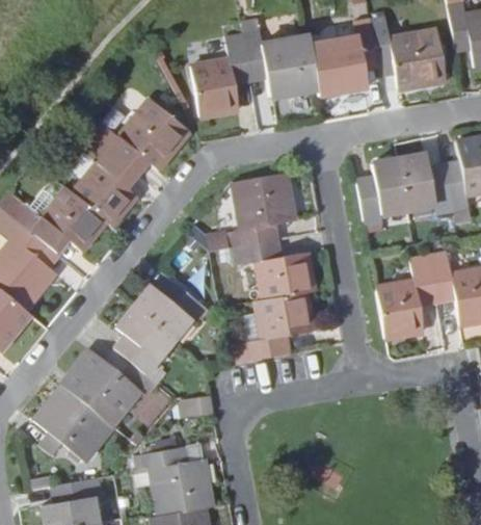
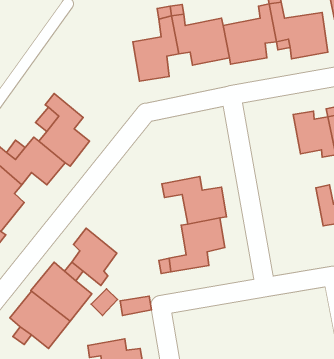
building: [91,99,189,167] -> none
building: [358,160,409,229] -> none
building: [207,173,294,253] -> none
building: [378,255,438,339] -> none
building: [133,280,209,339] -> none

